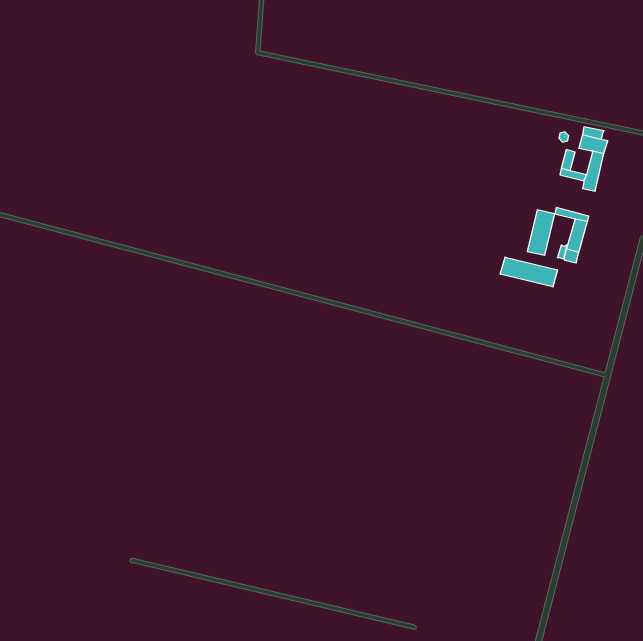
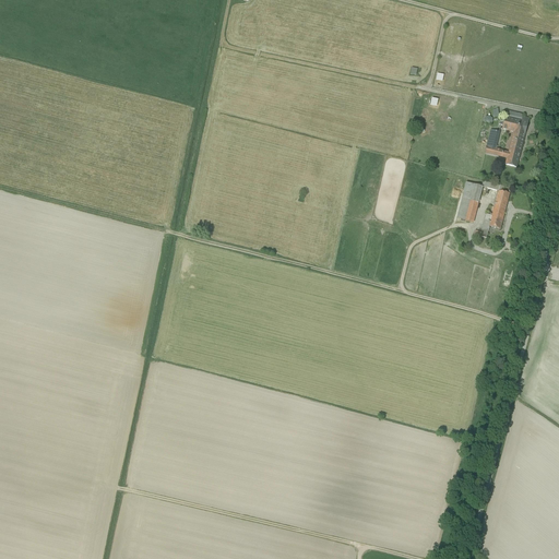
building: [500,257,558,287] -> none

